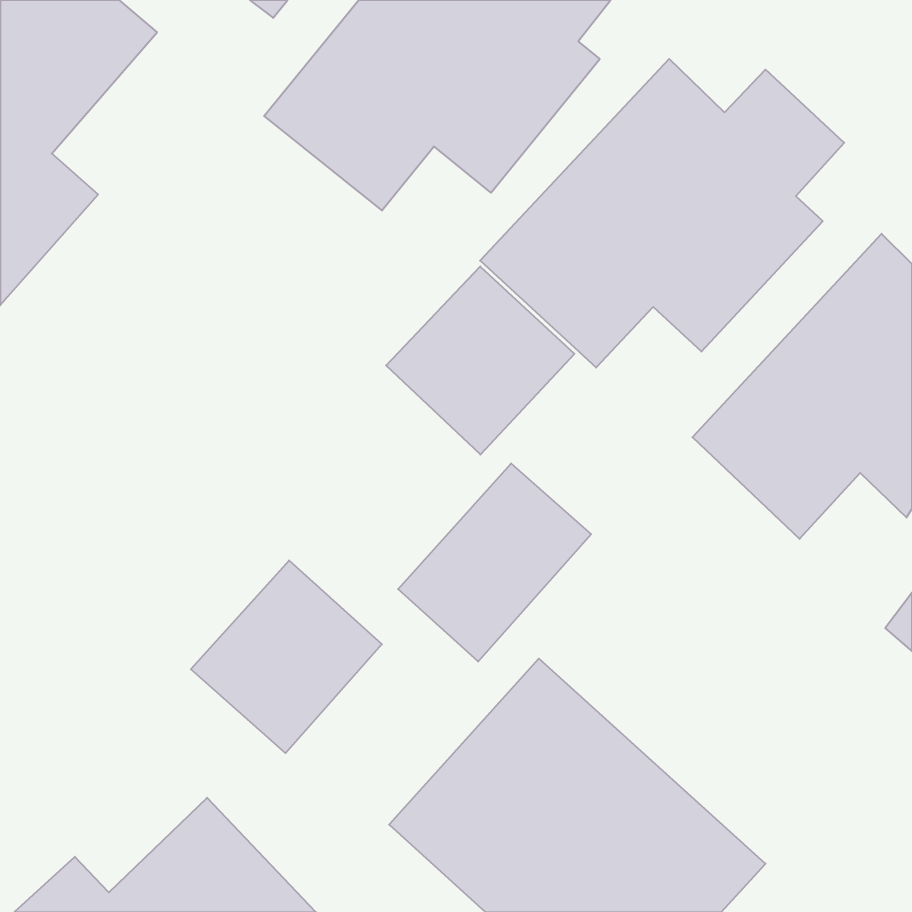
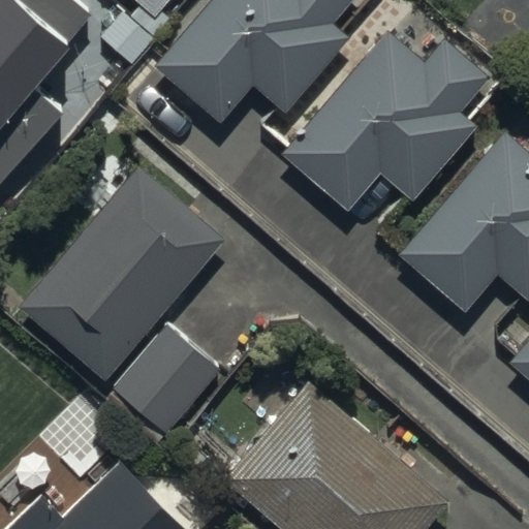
building: [386,266,574,455] -> none
building: none -> [21,170,223,379]
building: [398,463,591,662] -> none

